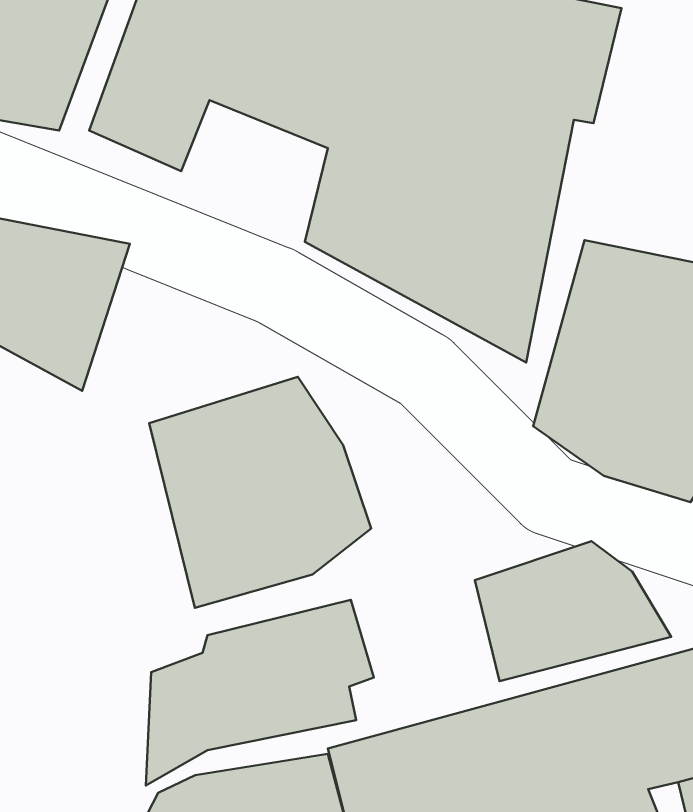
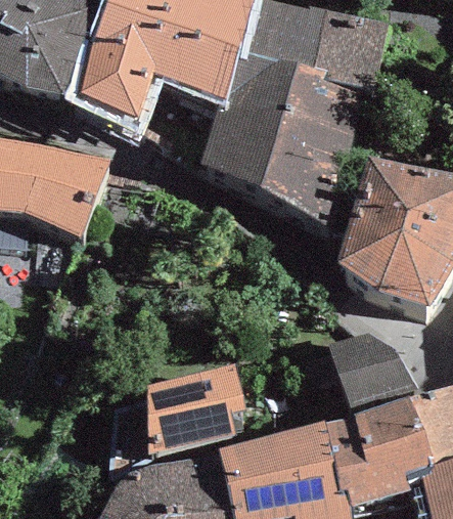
building: [149,377,371,608] -> none

